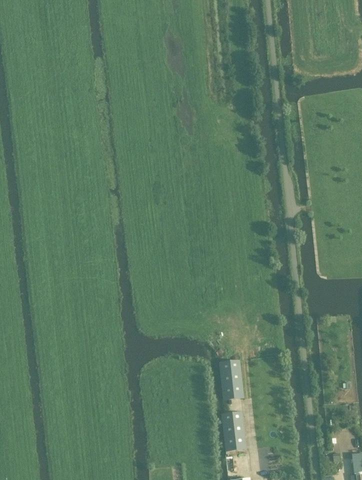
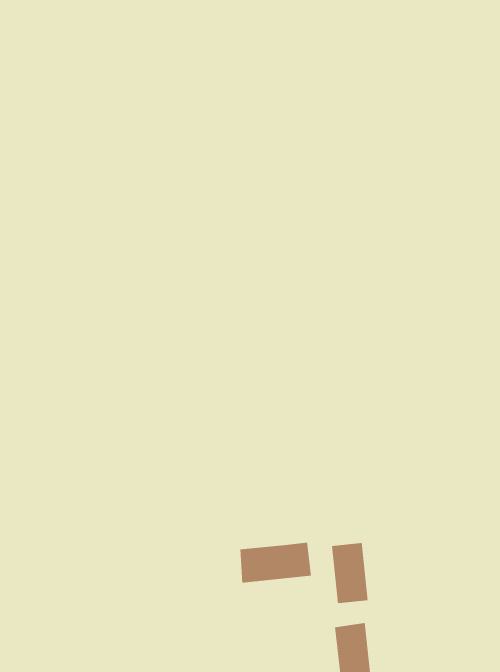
building: none -> [240,542,311,584]

